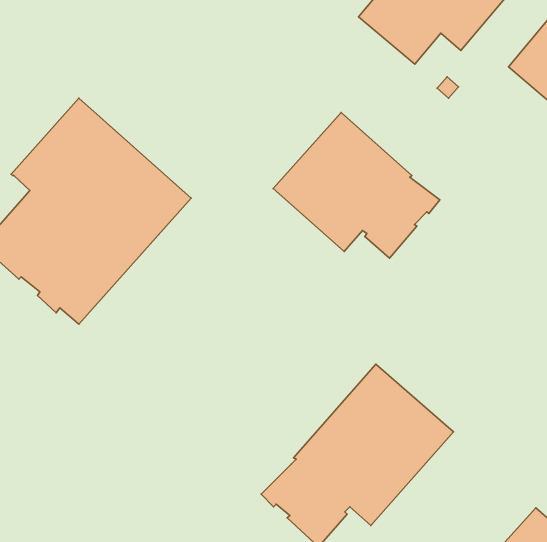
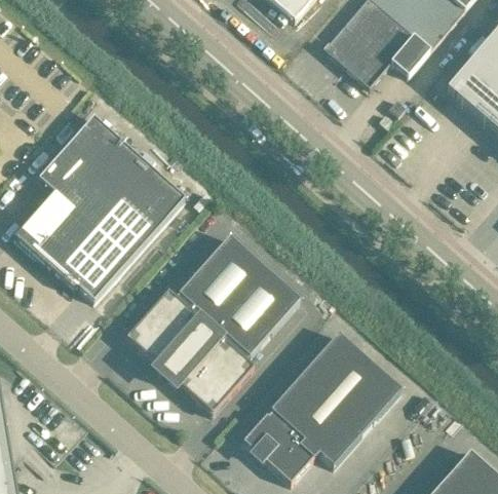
building: [273,113,440,258] -> none
building: none -> [126,236,301,413]

